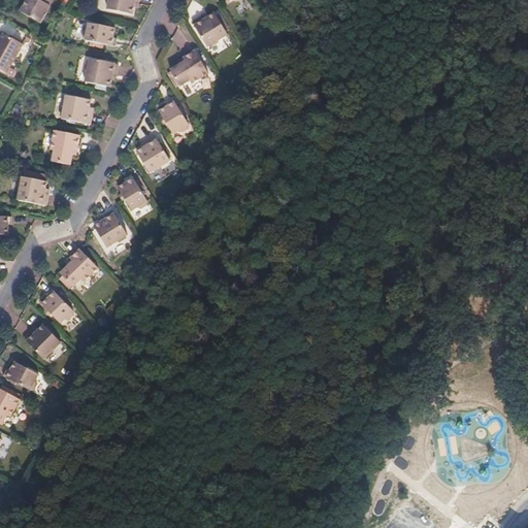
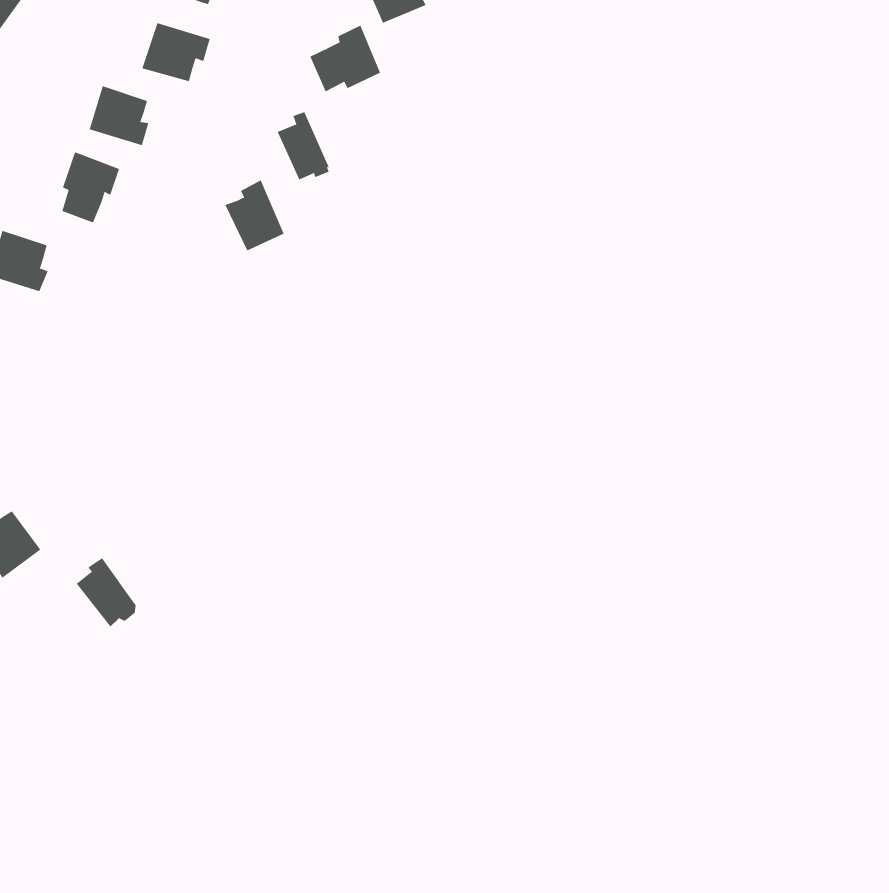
building: [117,173,147,209] -> none
building: [92,208,127,246] -> none
building: [61,250,96,286] -> none
building: [40,287,73,323] -> [76,557,137,628]

